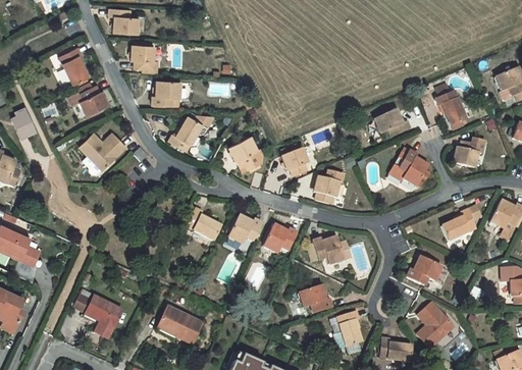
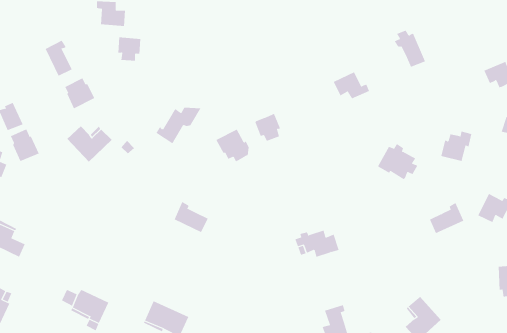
building: [151,80,179,106] -> none
building: [434,88,466,125] -> [394,30,426,68]
building: [374,109,411,137] -> [333,72,370,99]
building: none -> [10,129,40,162]
building: [281,148,308,176] -> [254,113,281,142]
building: [314,170,344,204] -> none
building: [228,215,262,244] -> none
building: [263,224,297,253] -> none
building: [407,257,441,285] -> none
building: [299,285,331,314] -> none

